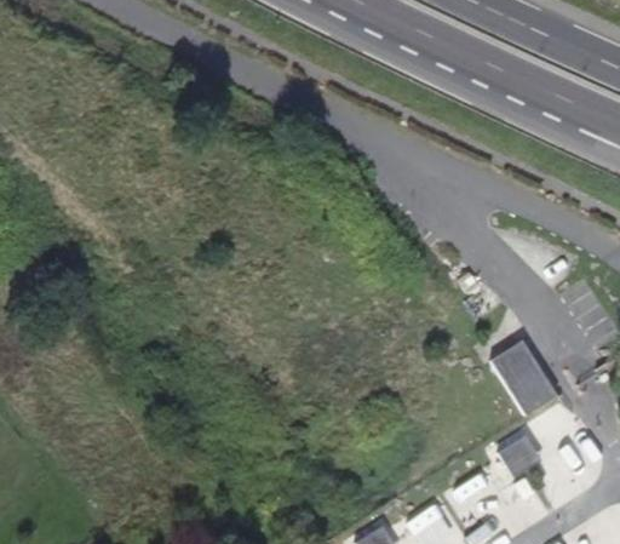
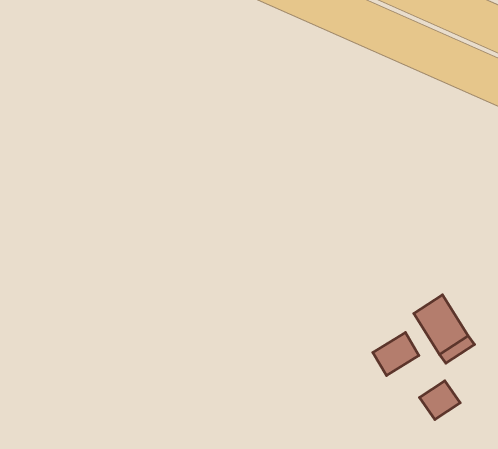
building: none -> [373,332,419,376]

